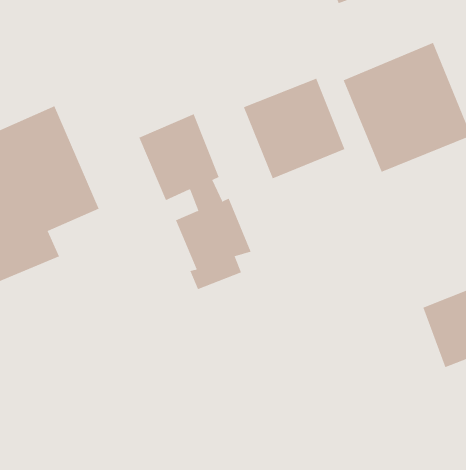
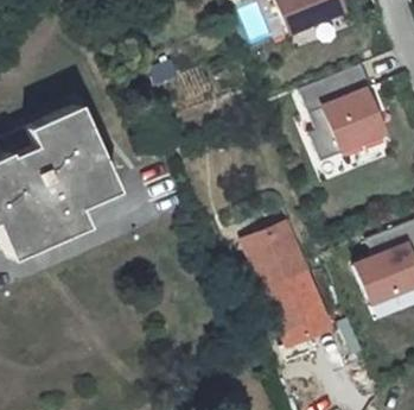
building: [243,78,345,179] -> none
building: [139,114,251,290] -> [241,217,325,349]

